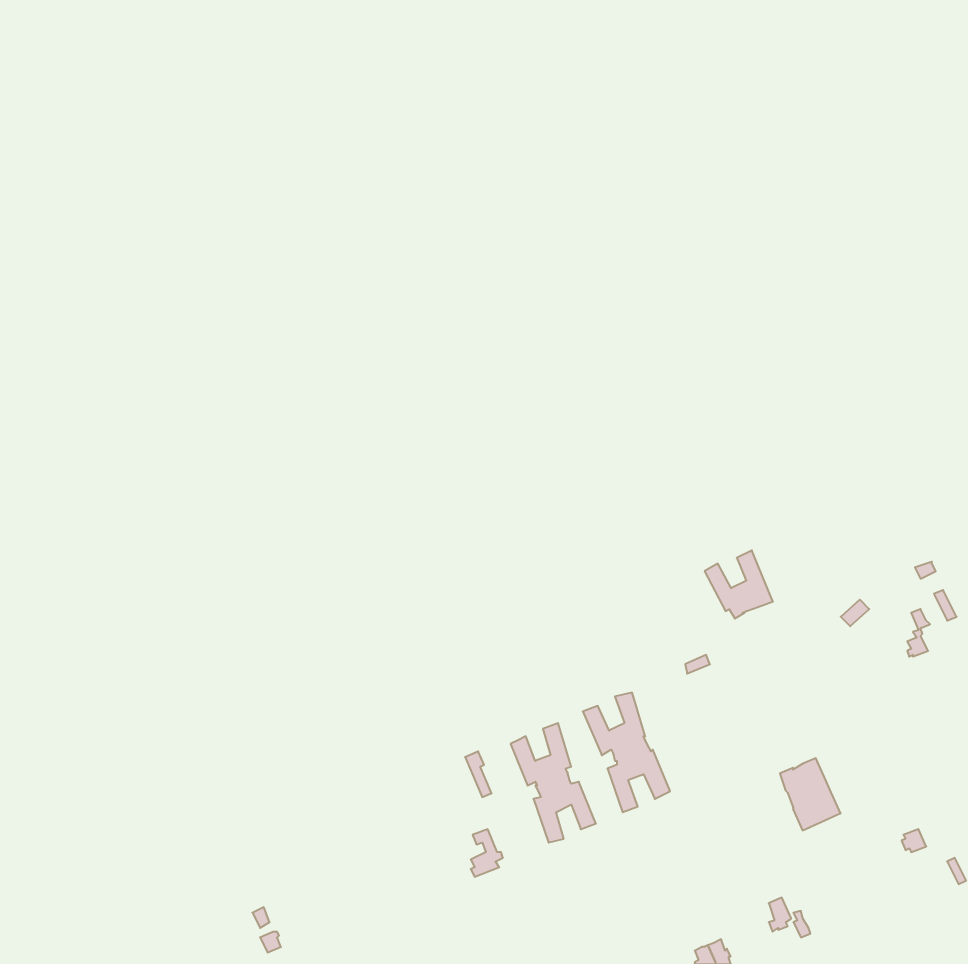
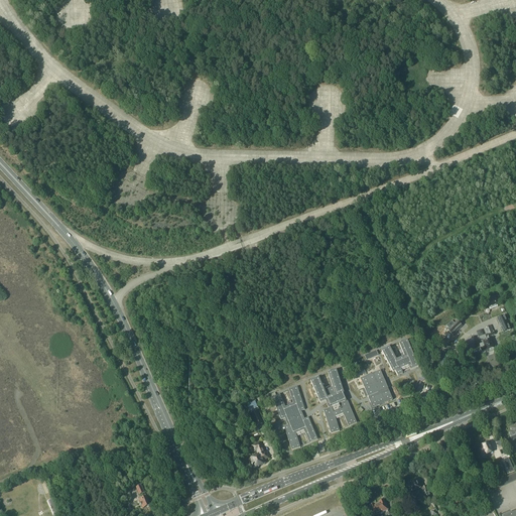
building: [705,550,773,619] -> [381,338,417,374]
building: [780,758,841,830] -> [360,368,392,406]

